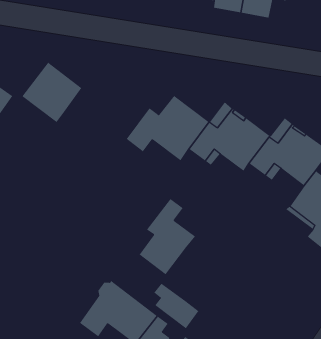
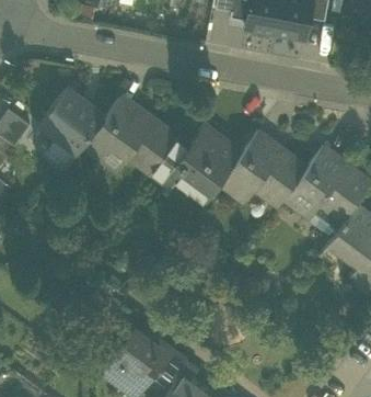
building: none -> [83,95,176,172]
building: [139,198,196,275] -> none
building: [154,283,199,329] -> none

